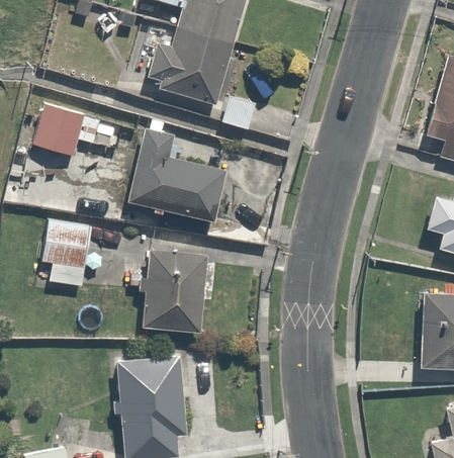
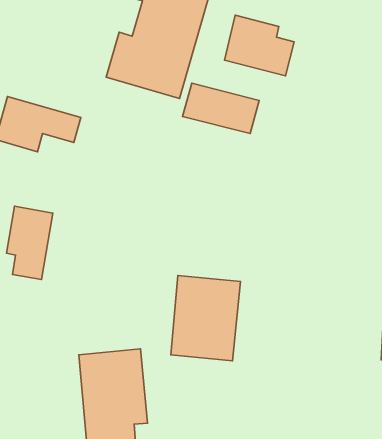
building: none -> [224,15,294,76]
building: [127,129,226,224] -> none
building: [142,250,211,336] -> [171,275,240,361]

